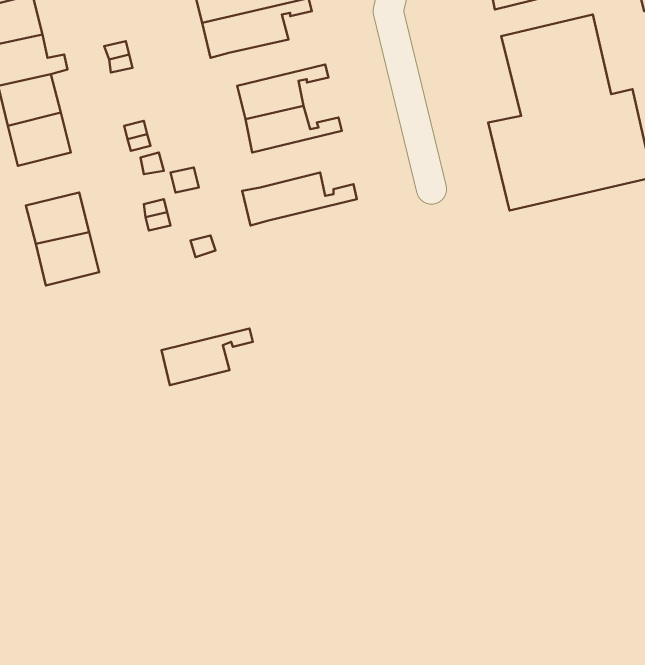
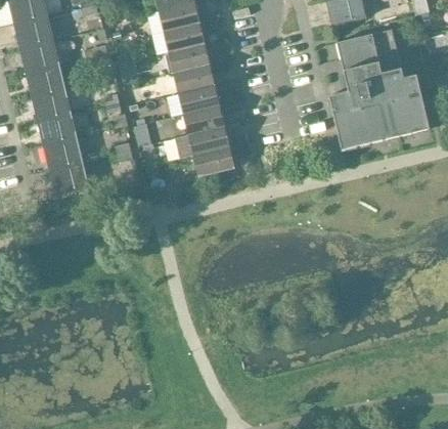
building: none -> [169,43,228,72]
building: none -> [183,99,240,134]
building: none -> [39,113,77,145]
building: [161,329,253,385] -> [193,141,250,176]

